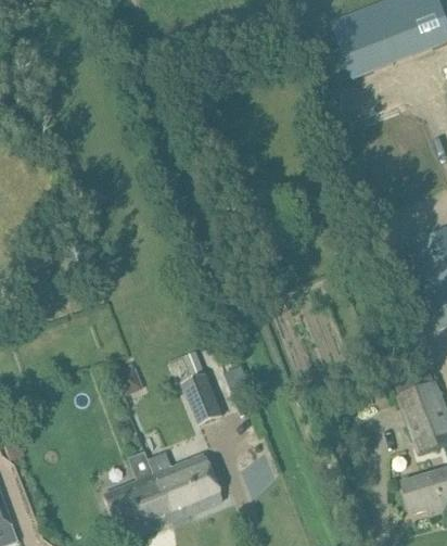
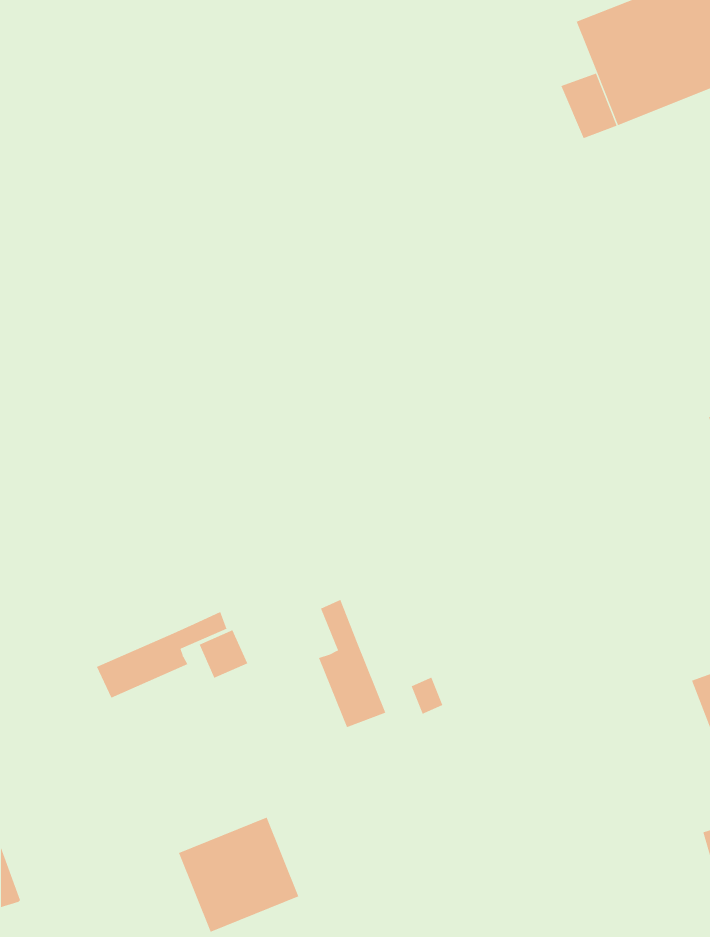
building: none -> [96,611,227,698]
building: [146,450,221,519] -> none

